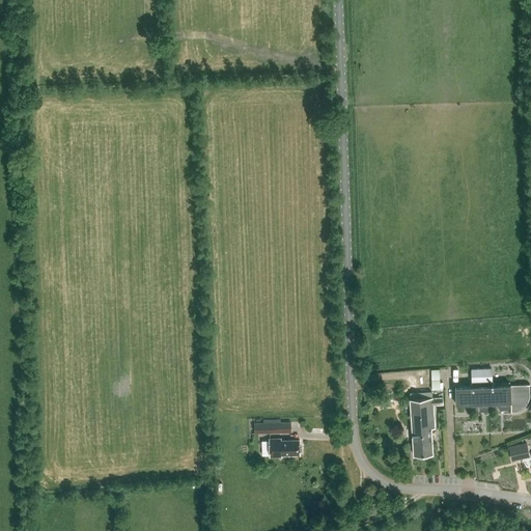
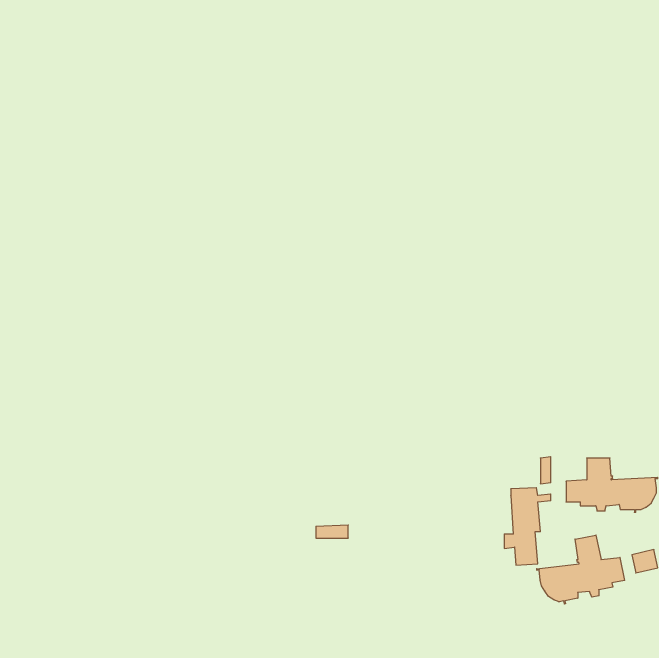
building: none -> [537,535,625,604]
building: [269,439,301,458] -> none

